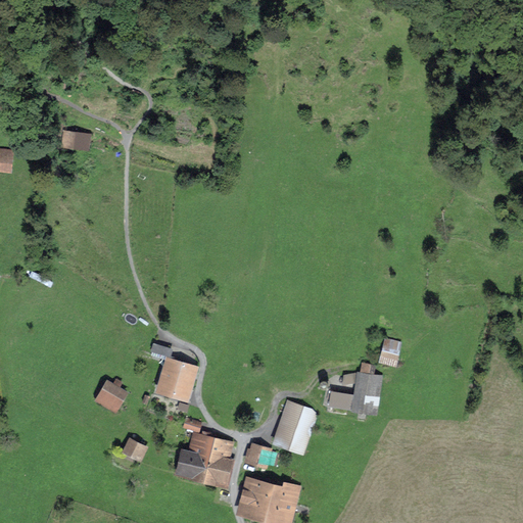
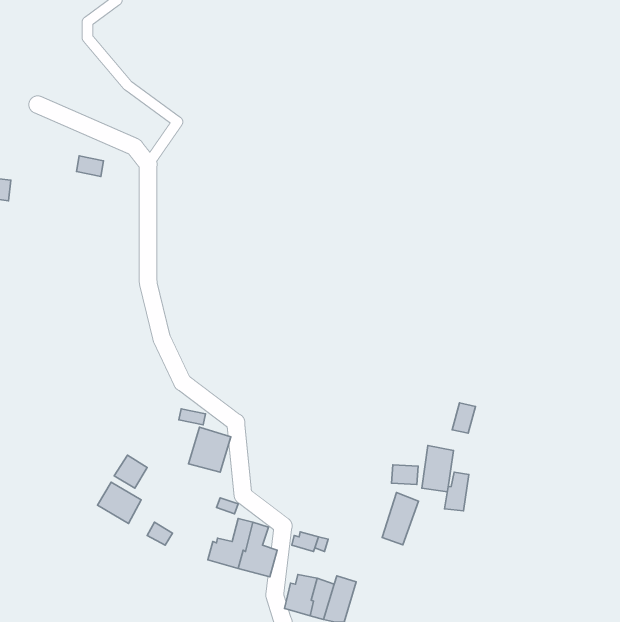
building: none -> [444,472,469,511]
building: [280,405,311,448] -> [382,493,419,545]
building: none -> [98,482,141,523]

